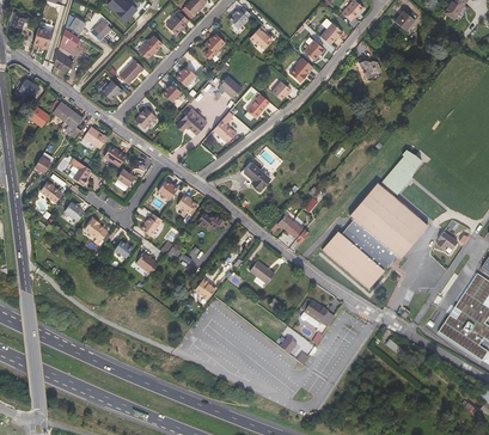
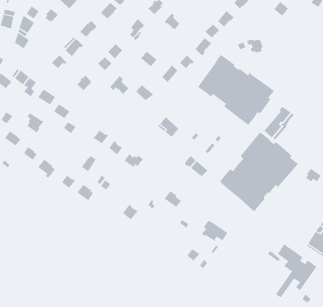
building: none -> [197,54,275,126]
building: none -> [275,244,317,298]

